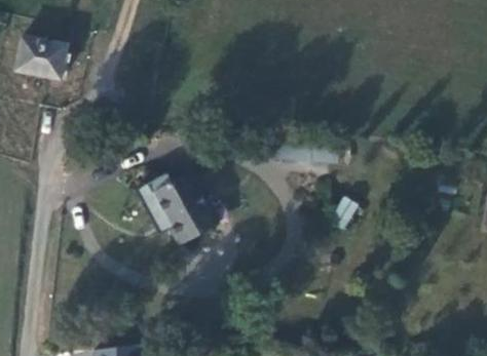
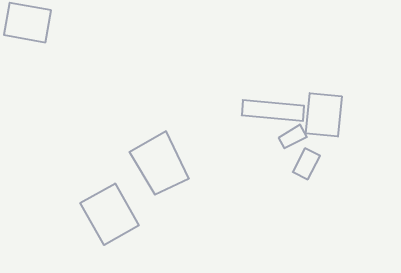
building: none -> [306,93,342,137]
building: none -> [80,183,139,245]

